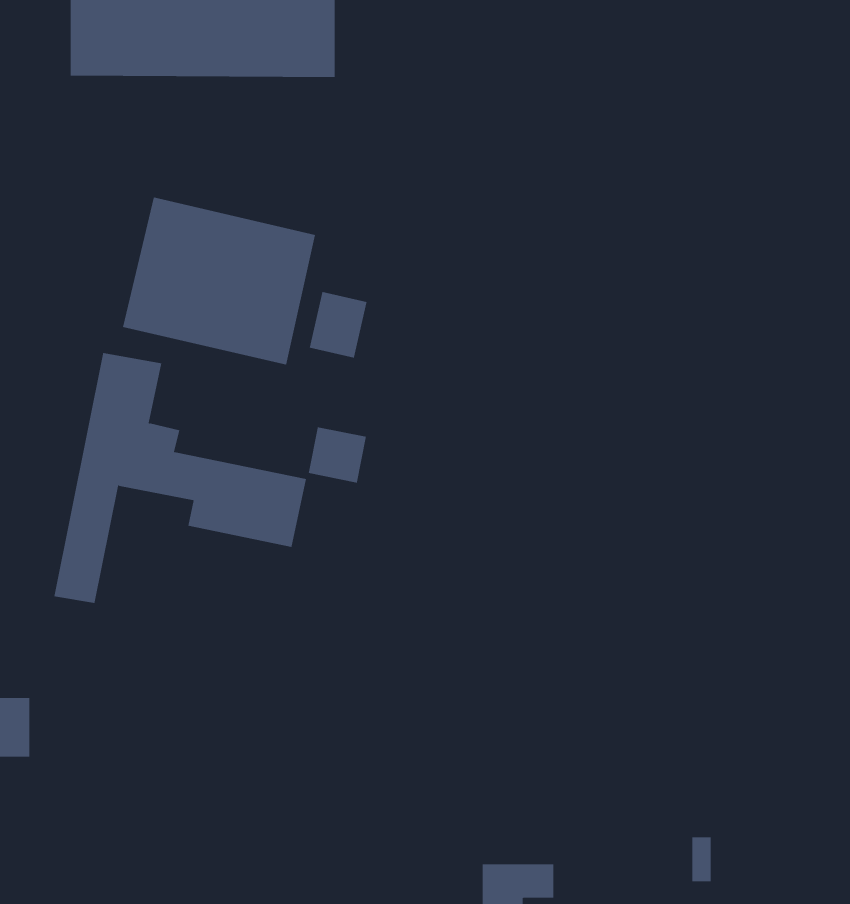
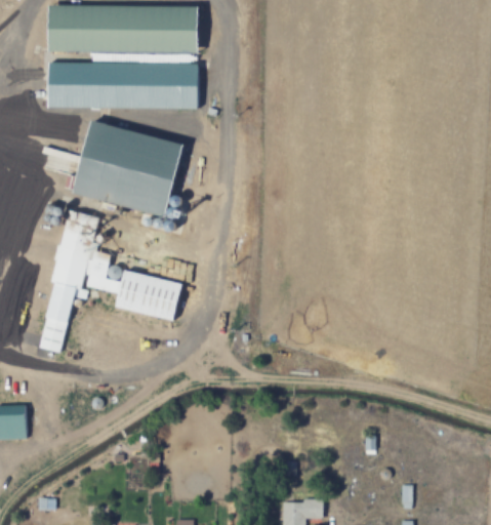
building: none -> [50,62,200,109]
building: [309,291,367,359] -> none
building: [308,426,366,483] -> none

